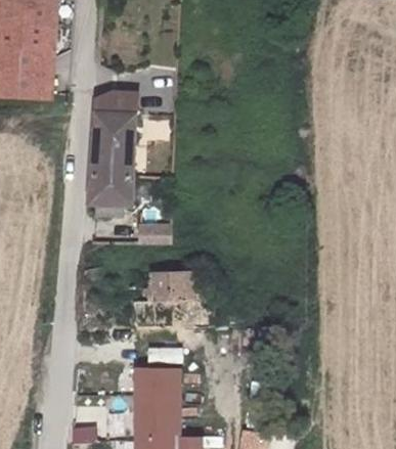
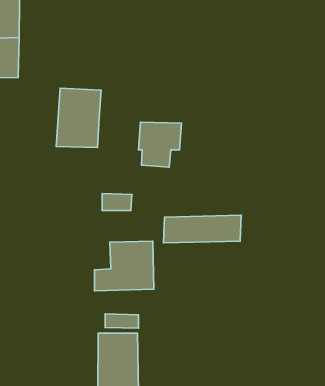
building: [96,87,140,109] -> none
building: [90,170,136,218] -> [138,122,181,167]
building: none -> [164,215,241,243]

